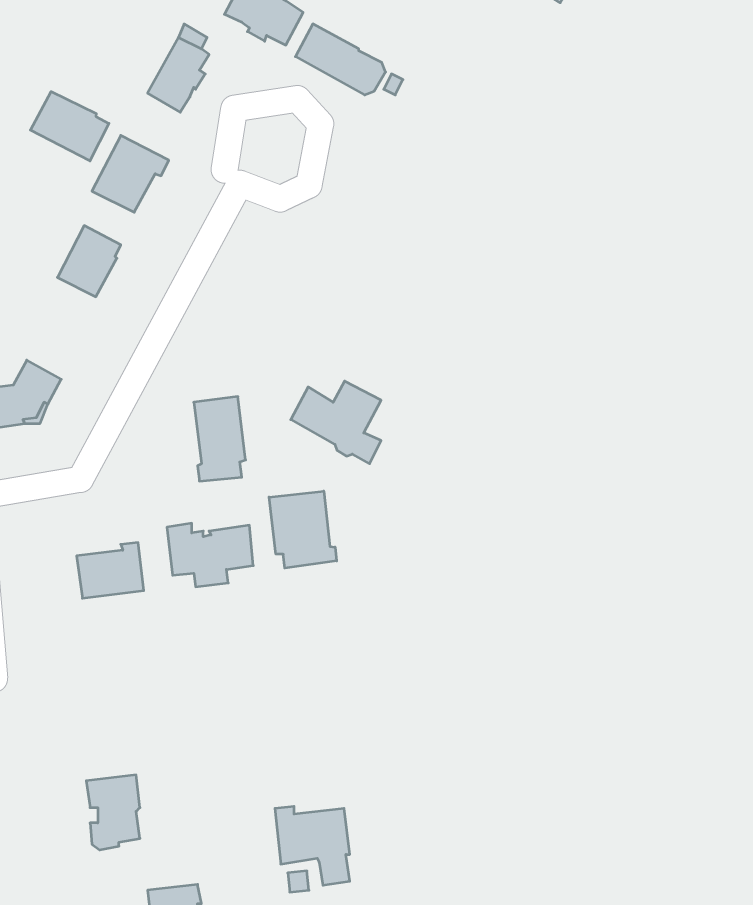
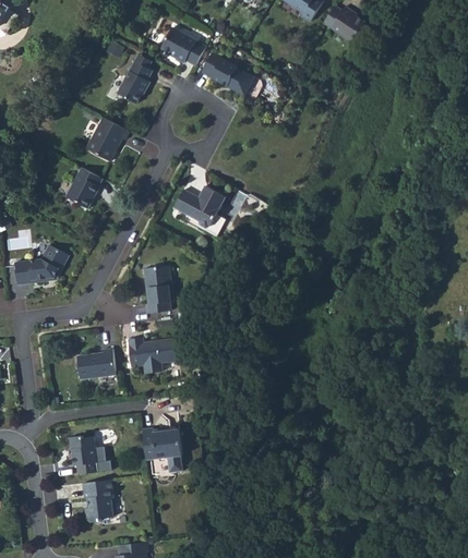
building: [30,92,109,161] -> none
building: [291,381,381,464] -> [173,185,225,232]
building: [269,491,337,568] -> none
building: none -> [68,435,97,474]
building: [275,806,350,885] -> [142,427,184,472]

